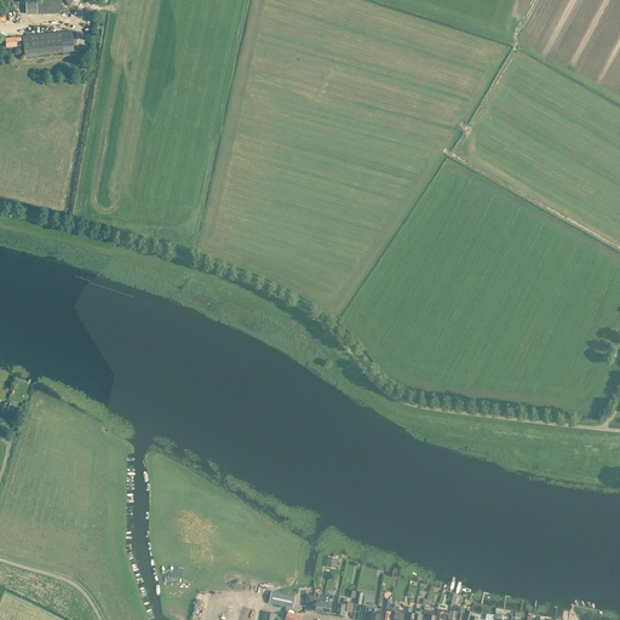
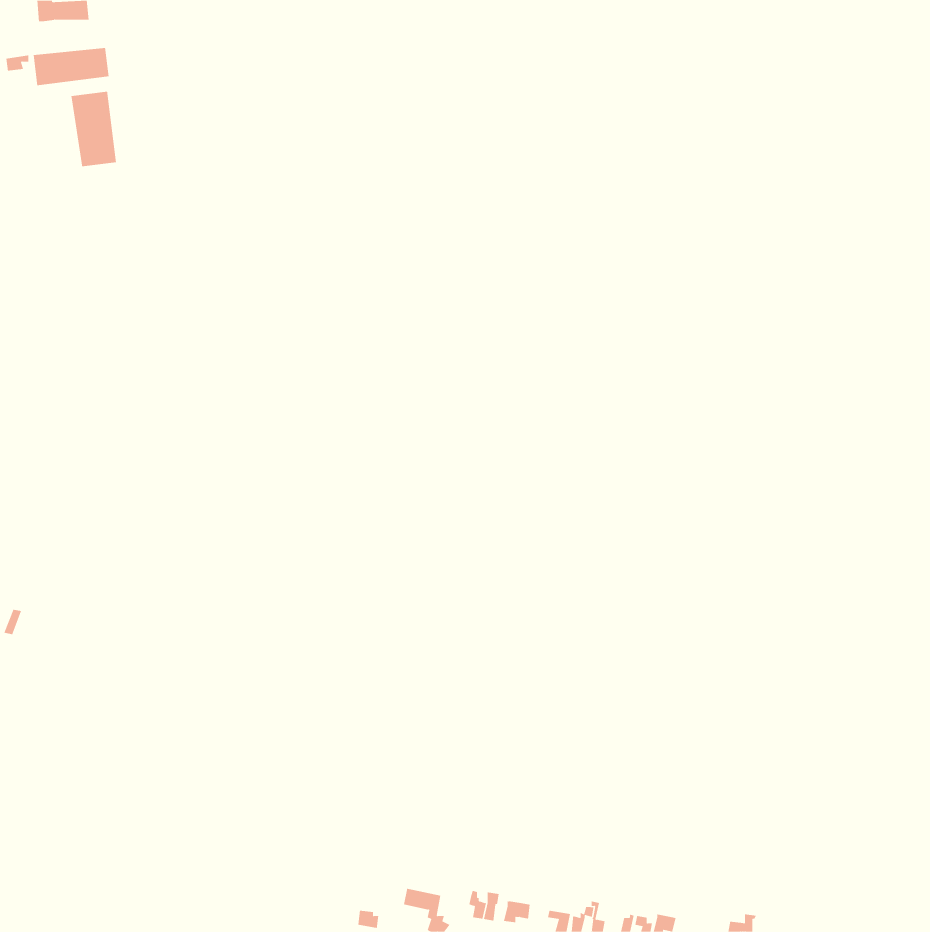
building: none -> [71,91,116,167]

